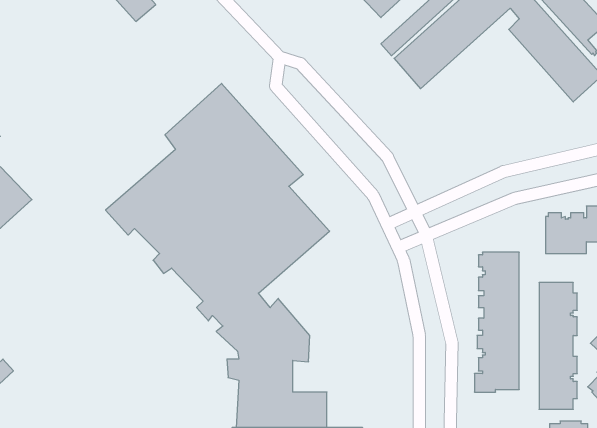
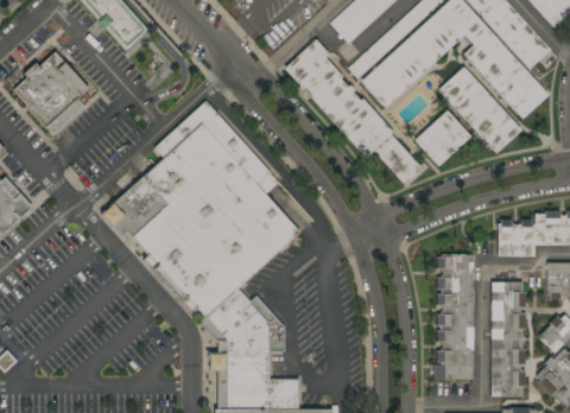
building: none -> [284,38,423,184]
building: none -> [13,49,95,136]
building: none -> [438,65,521,152]
building: none -> [414,109,471,166]

